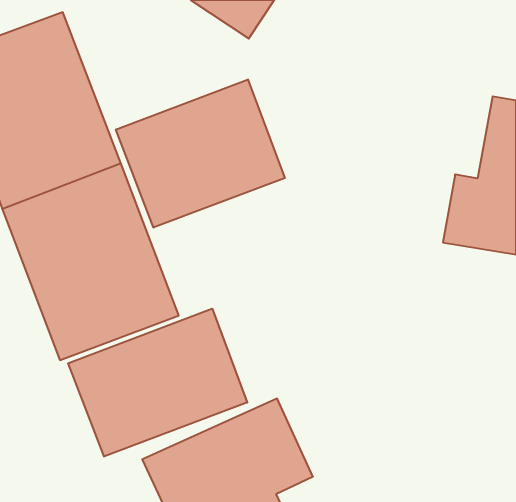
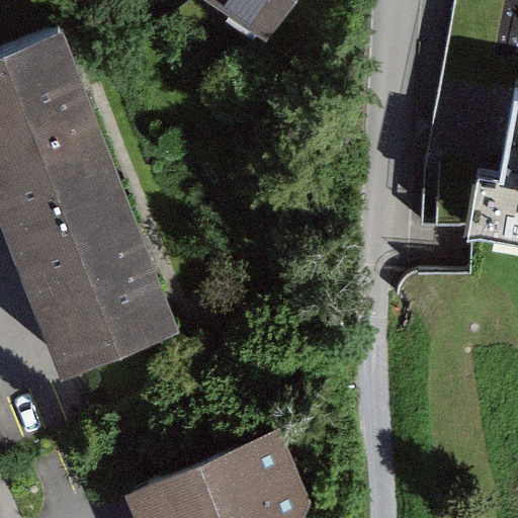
building: [116,79,285,228] -> none
building: [68,309,247,457] -> none

